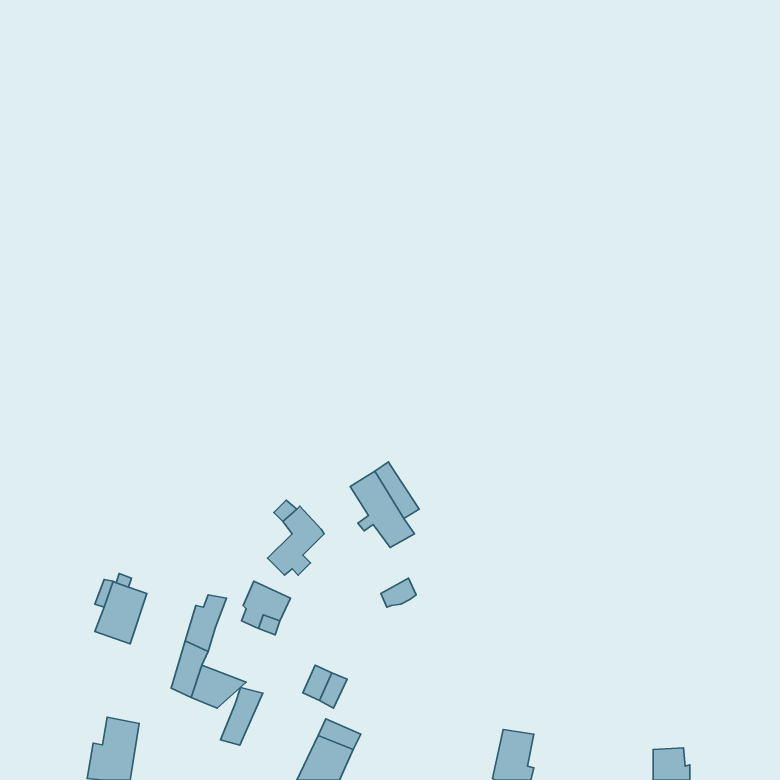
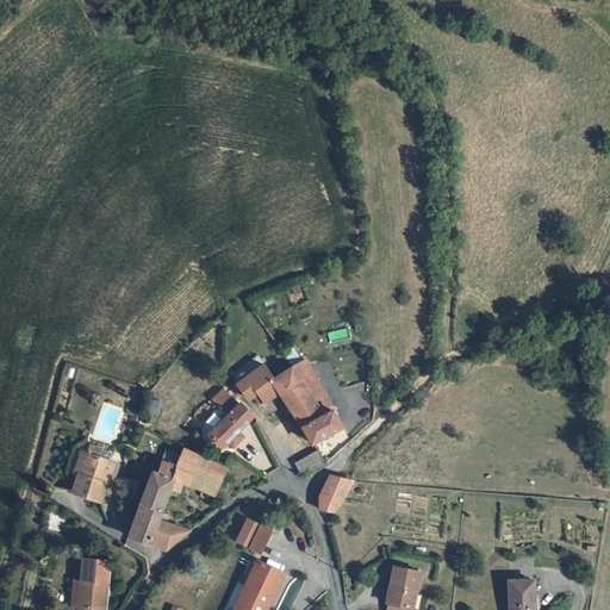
building: none -> [238,363,273,396]
building: none -> [304,397,344,444]
building: none -> [168,447,198,492]
building: none -> [319,473,353,511]
building: [220,687,263,745] -> none

